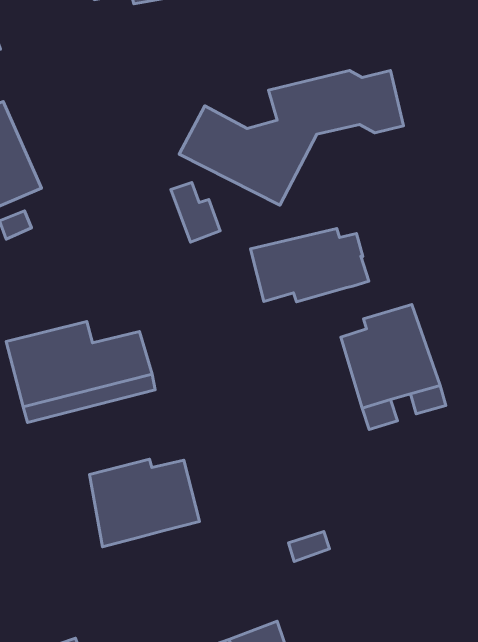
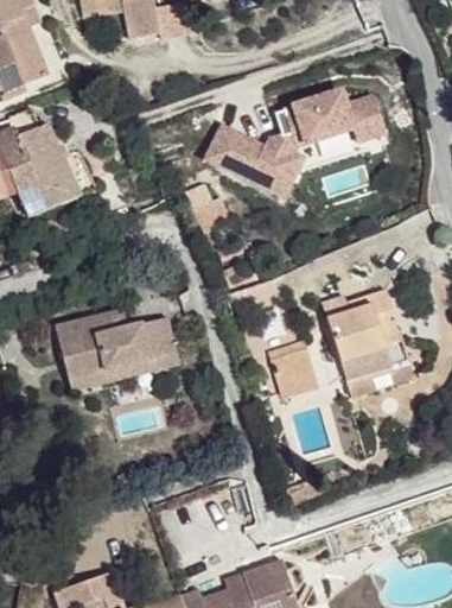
building: [251,228,369,302] -> none
building: none -> [270,341,319,398]
building: [89,459,199,547] -> none

